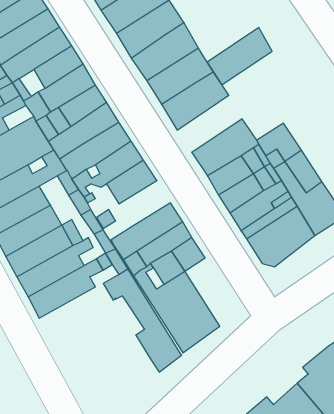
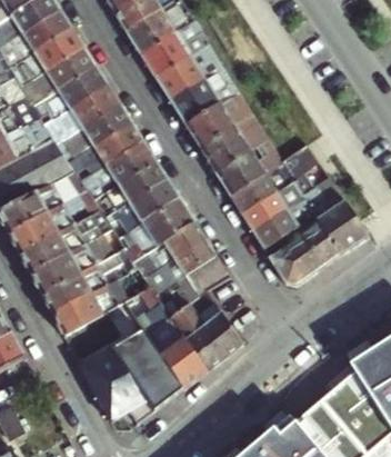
building: [207,28,272,85] -> [200,113,264,170]
building: none -> [142,198,193,244]
building: none -> [80,329,182,424]

